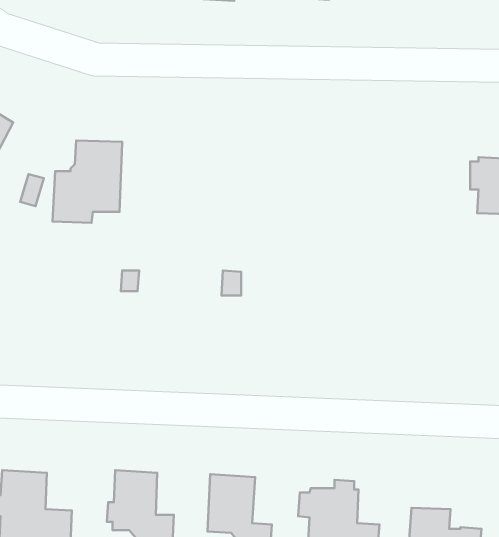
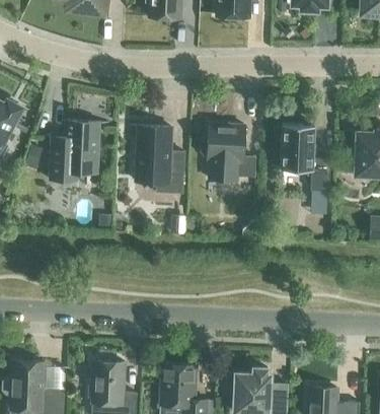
building: none -> [202,124,256,181]
building: none -> [278,124,330,192]
building: none -> [136,126,184,193]

